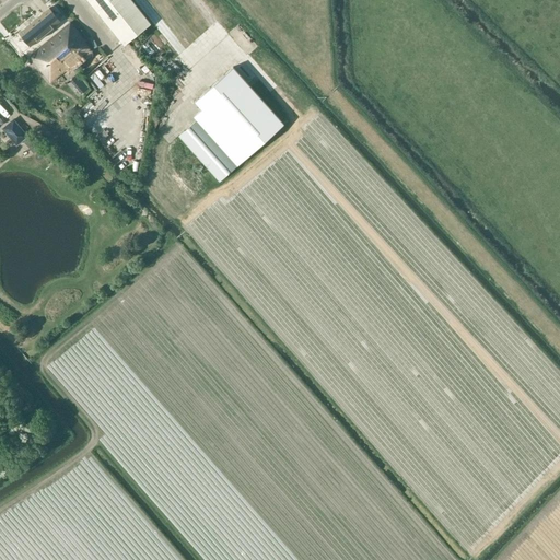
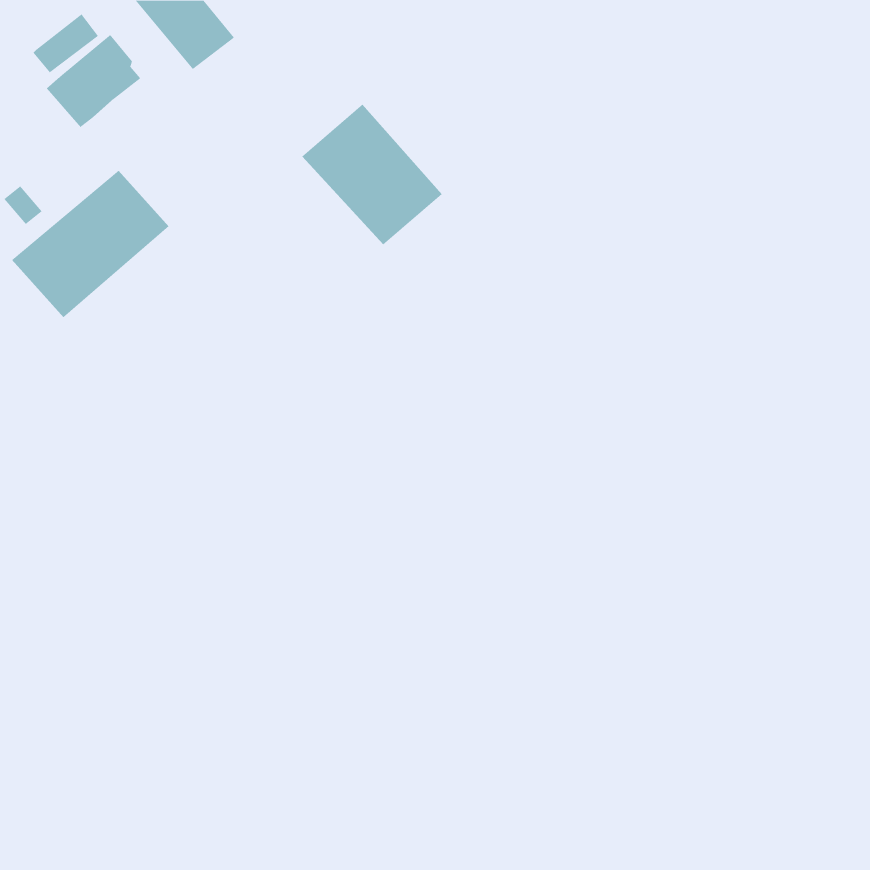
building: none -> [11,170,169,318]
building: [178,119,238,182] -> none

